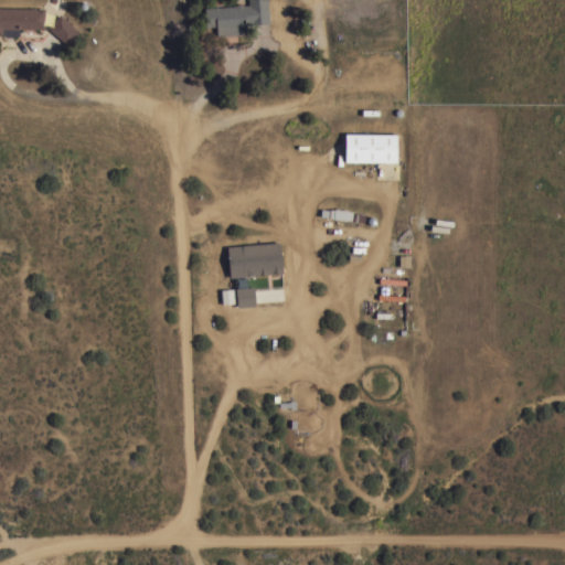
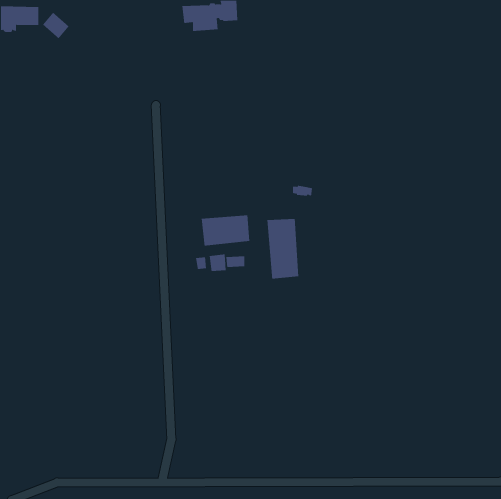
building: [344,135,402,163] -> none
building: none -> [267,218,299,279]

